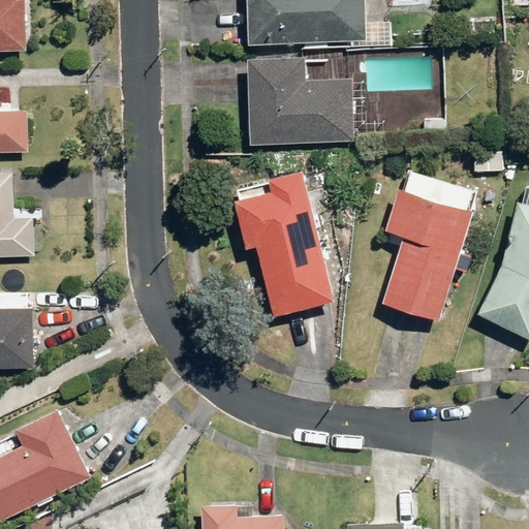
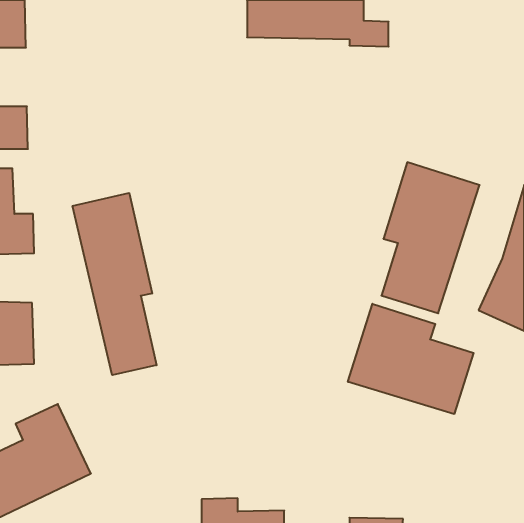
building: [247,57,349,147] -> none
building: [234,169,332,313] -> none
building: none -> [73,193,157,375]
building: none -> [348,304,474,414]

